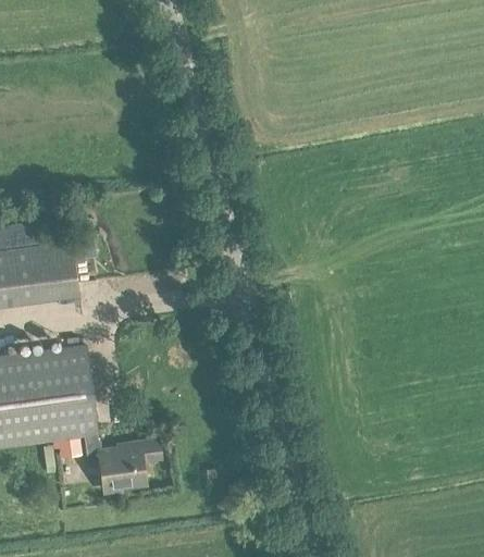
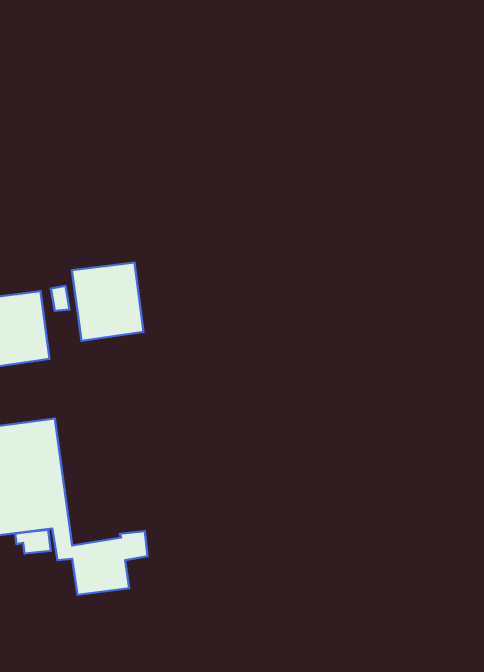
building: none -> [72,263,144,341]

